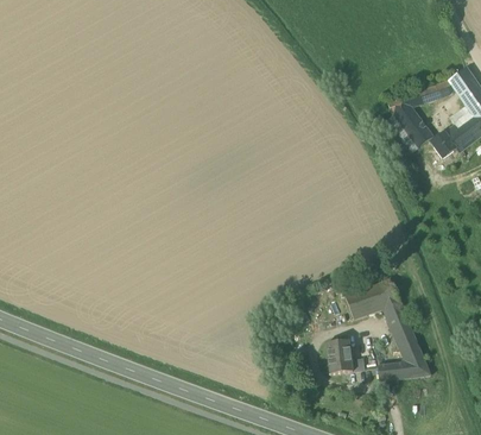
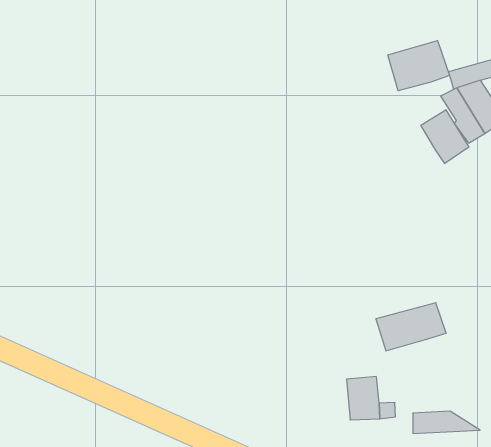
building: none -> [388,41,450,91]
building: none -> [421,110,469,164]
building: [384,301,430,373] -> none

